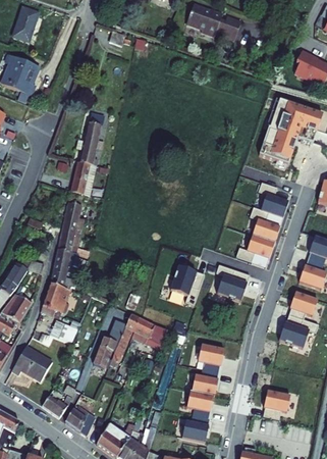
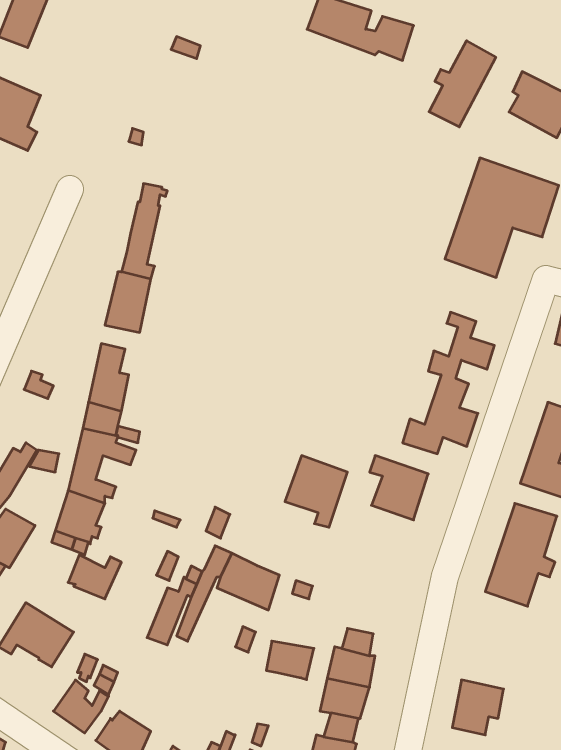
building: none -> [429,41,496,127]
building: [200,342,226,363] -> [266,641,314,680]

